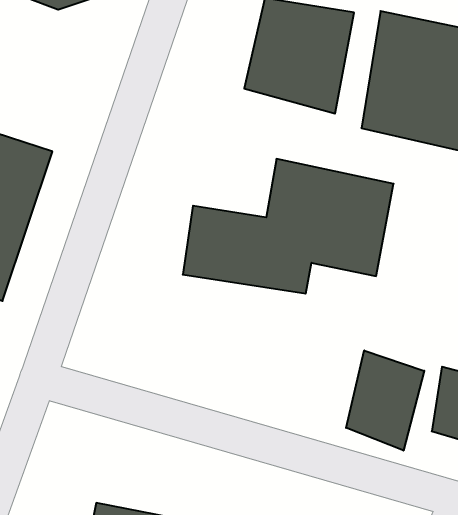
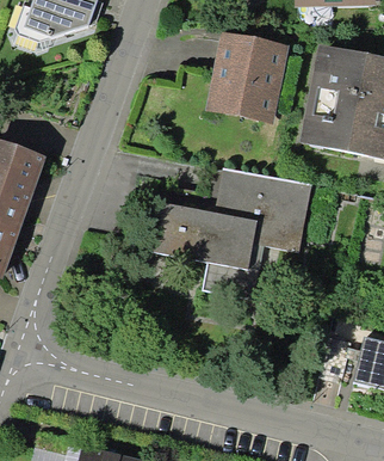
building: [346,350,424,451] -> none

